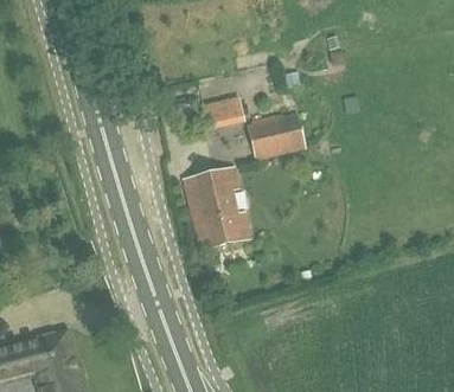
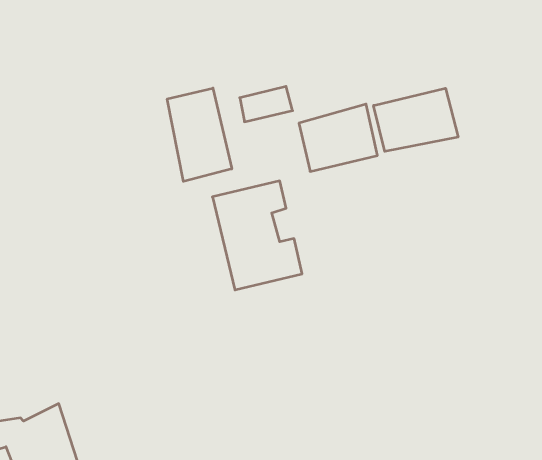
building: none -> [167,88,232,181]
building: none -> [374,88,458,151]

